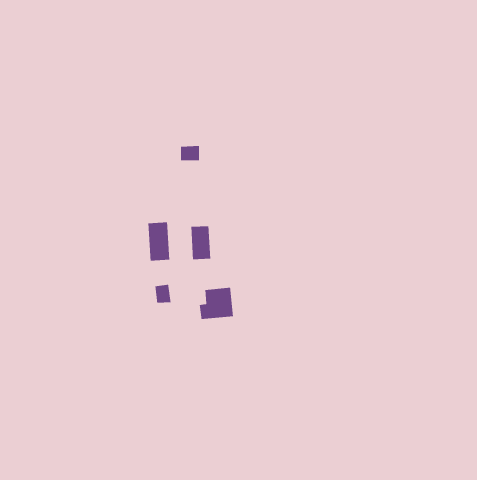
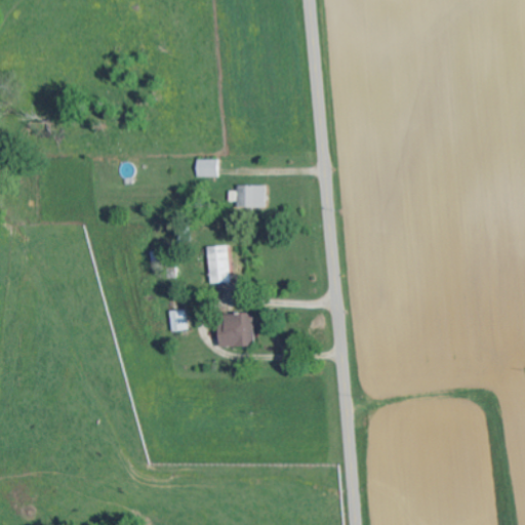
building: none -> [229,184,266,207]
building: [148,221,170,261] -> none

